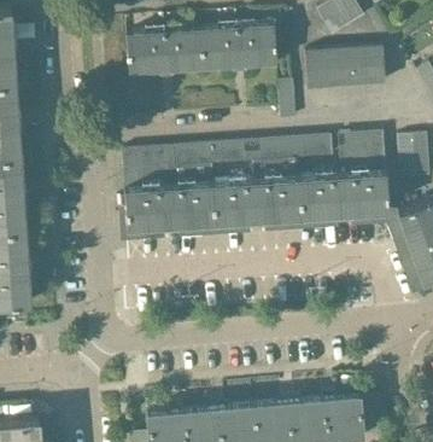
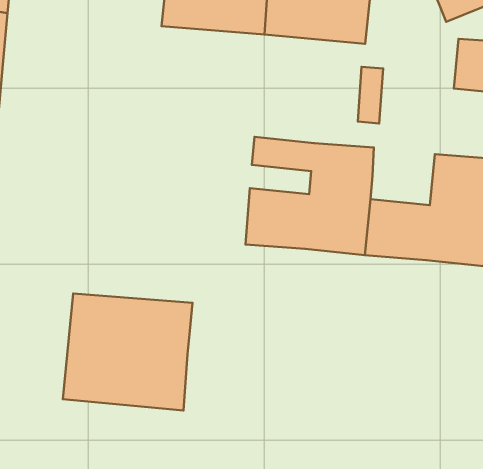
building: [303,50,345,89] -> none
building: [294,135,332,158] -> none
building: [121,144,213,228] -> [63,294,193,410]

